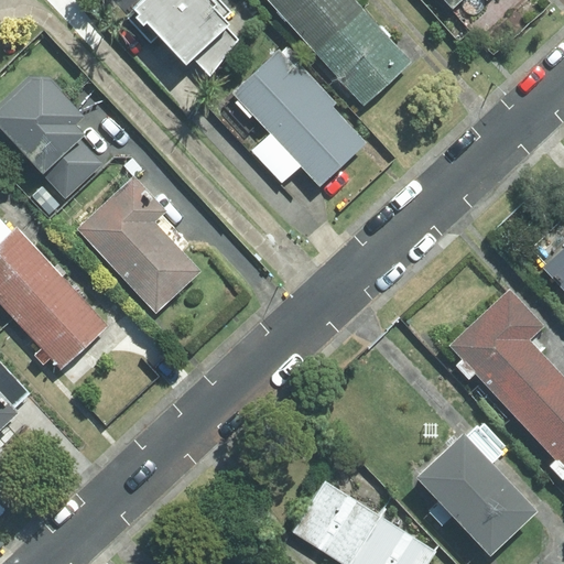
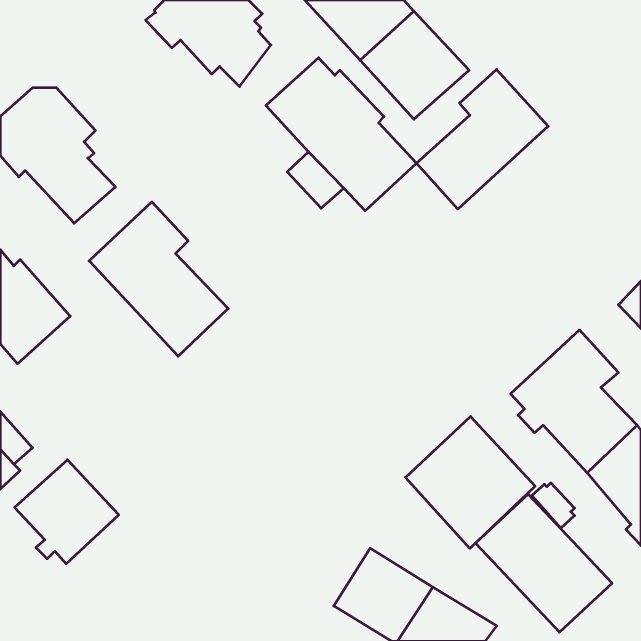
building: none -> [416,69,548,209]
building: [15,278,107,369] -> [15,460,119,564]
building: none -> [405,416,535,548]

